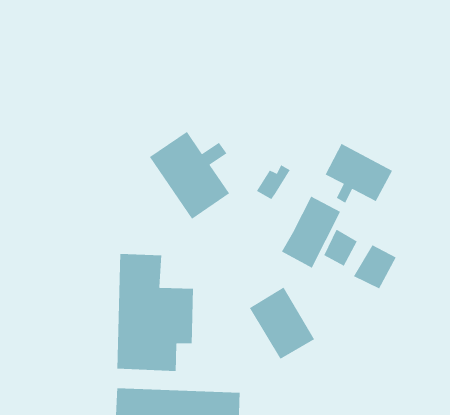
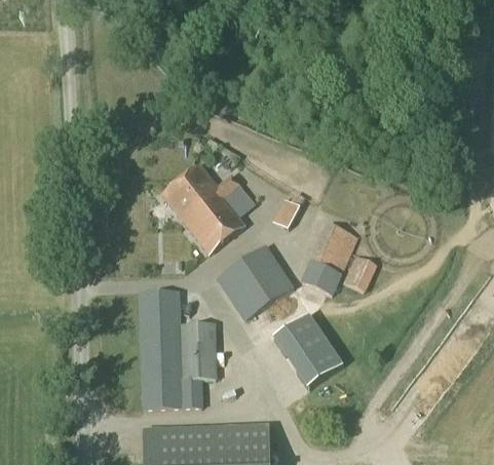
building: [324,143,393,204] -> none
building: none -> [216,243,296,320]
building: [353,244,397,289] -> none

